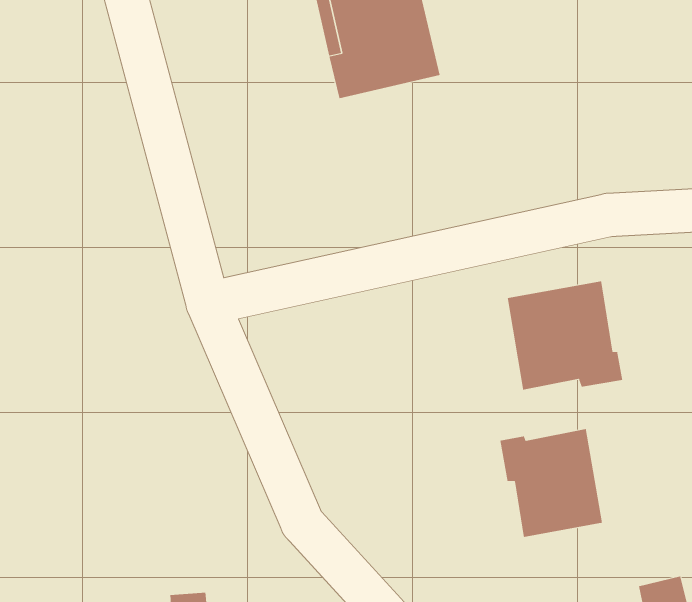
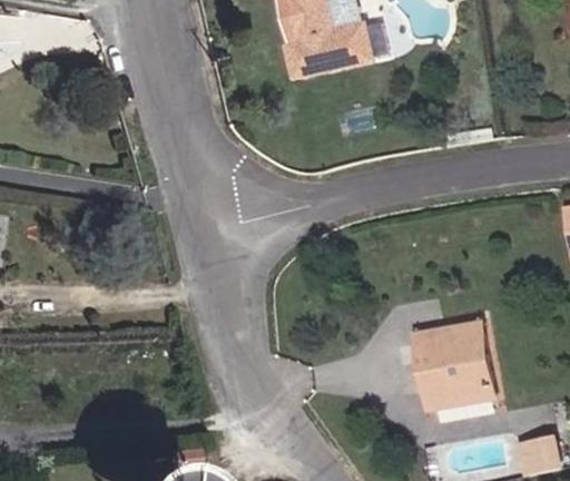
building: [507,280,623,390] -> none

